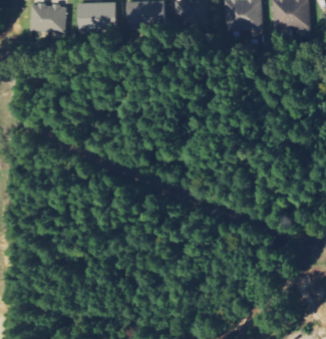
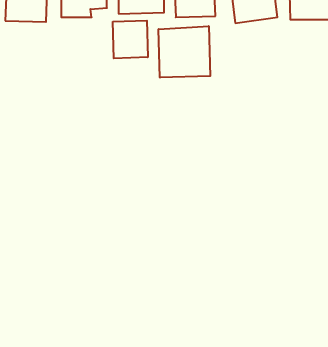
building: none -> [113,21,148,58]
building: none -> [159,26,210,78]

